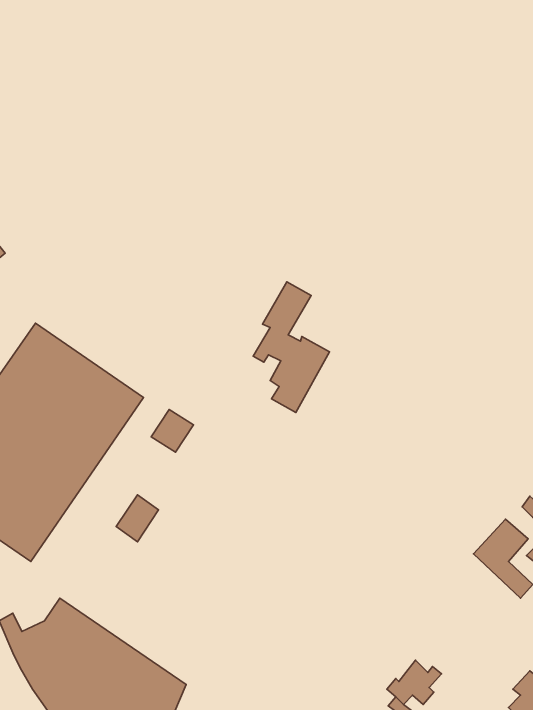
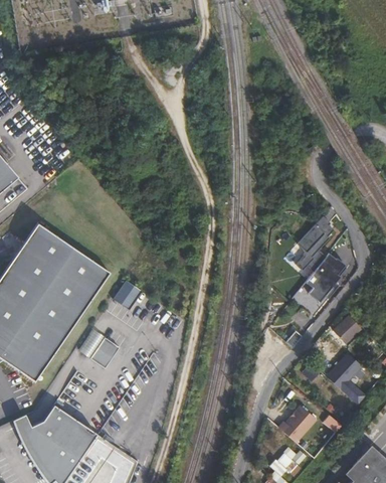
building: [253,282,329,412] -> [294,217,344,304]
building: none -> [333,314,360,343]
building: none -> [278,405,318,443]

